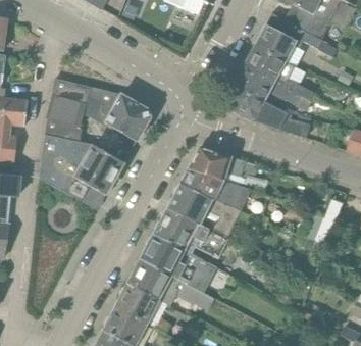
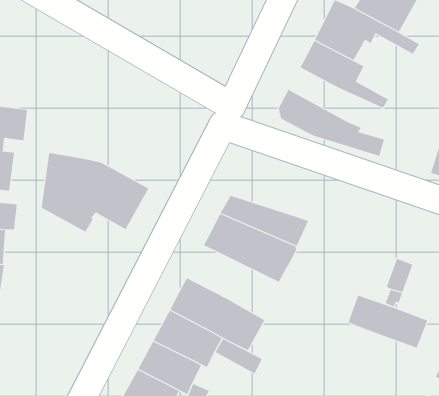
building: [234,67,312,112] -> none
building: [44,80,149,140] -> none
building: [188,149,256,186] -> none
building: [153,208,227,259] -> none
building: none -> [348,295,428,349]

